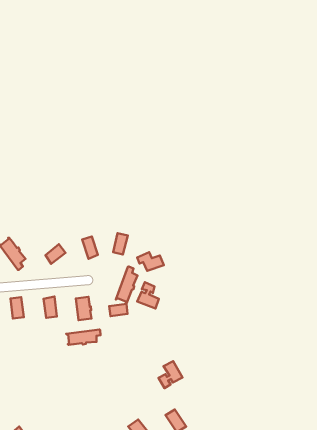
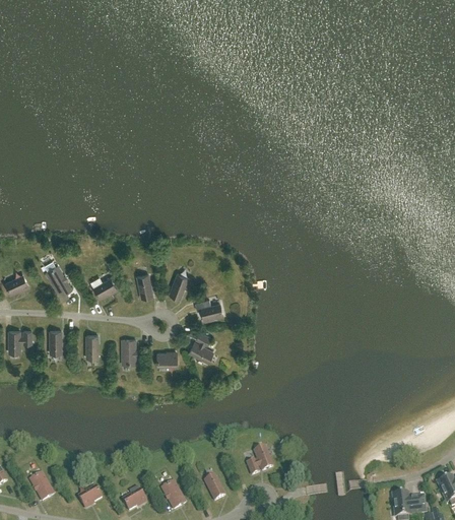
building: [116,267,138,303] -> none
building: [66,330,101,345] -> none
building: [159,361,183,388] -> [247,447,273,475]

